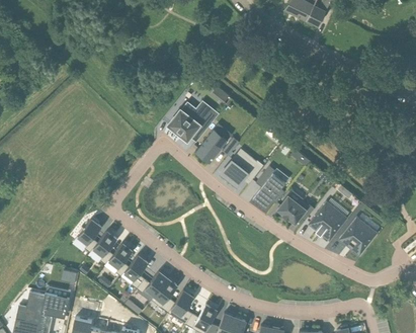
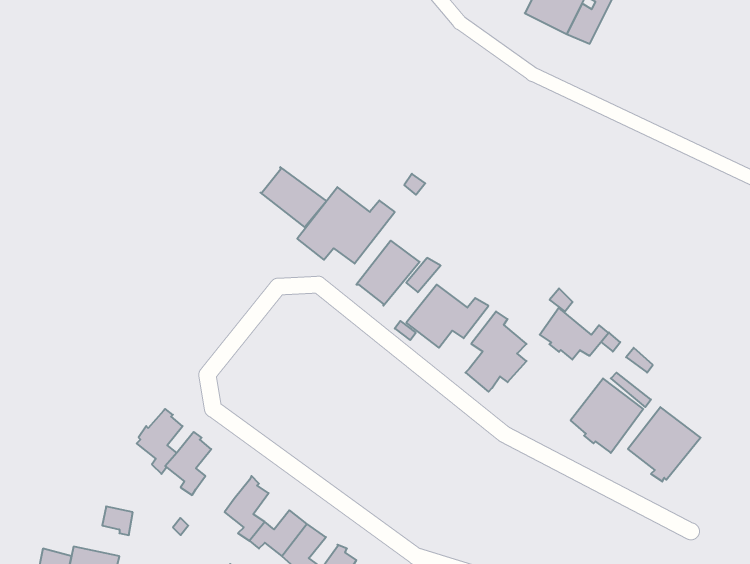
building: none -> [260,167,326,227]
building: [278,196,315,224] -> [540,308,609,360]
building: [110,243,134,276] -> none

